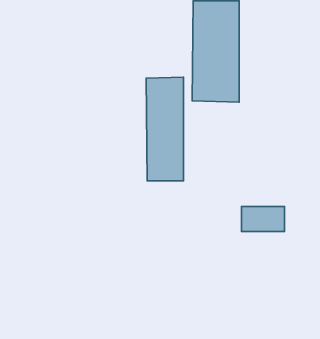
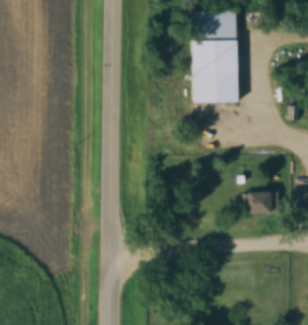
building: [146,77,184,181] -> none

